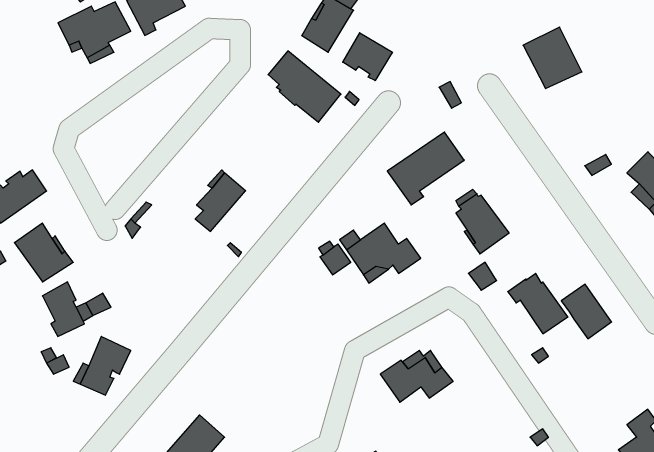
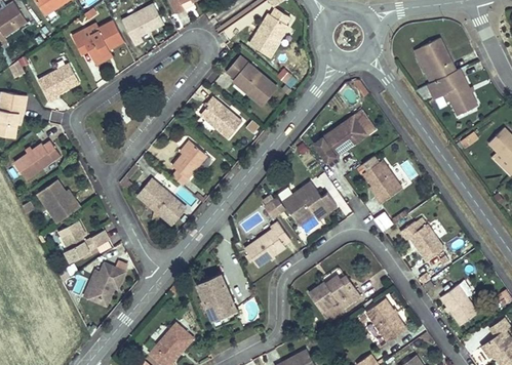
building: [343,33,392,81] -> none
building: none -> [41,65,82,102]
building: none -> [425,68,478,115]
building: none -> [201,96,242,137]
building: none -> [139,179,185,225]
building: none -> [244,221,290,267]
building: [561,284,612,339] -> [441,285,478,325]
building: none -> [195,272,237,321]
building: none -> [364,297,406,341]

